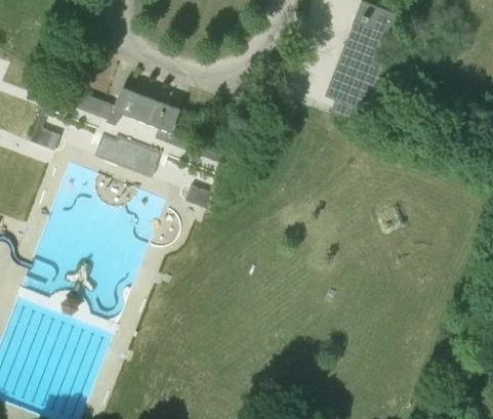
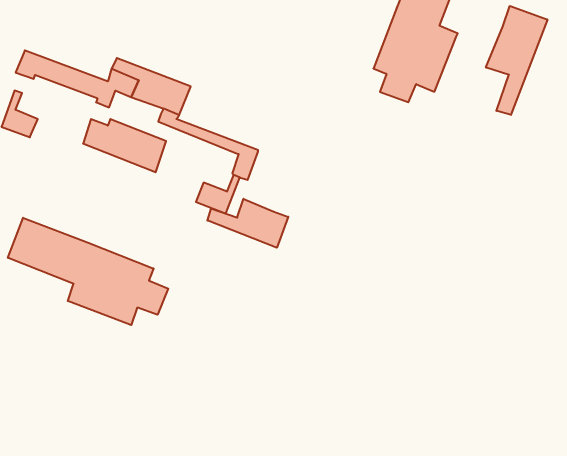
building: none -> [486,6,547,115]
building: none -> [207,199,288,248]
building: none -> [8,218,168,325]

